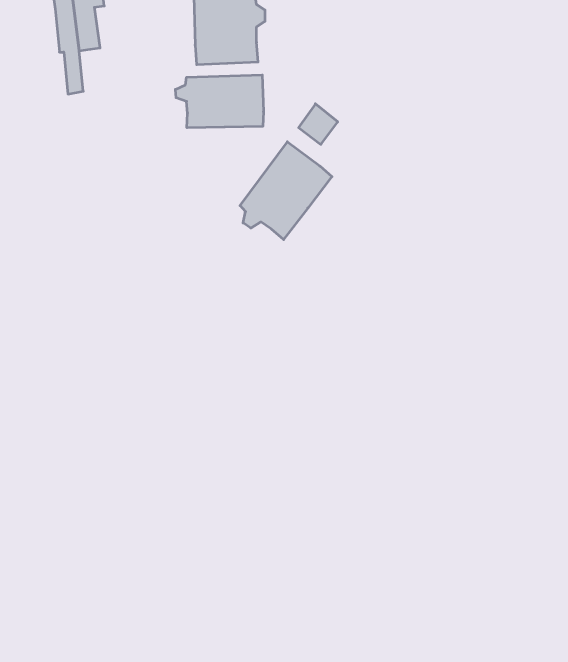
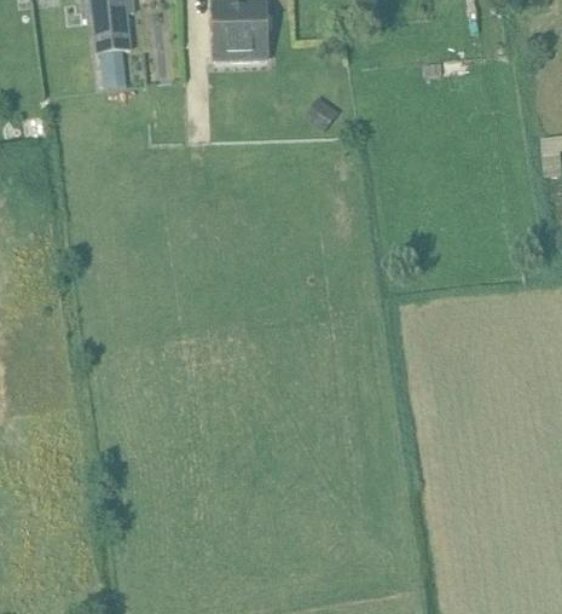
building: [175,75,263,128] -> none
building: [240,142,332,240] -> none

